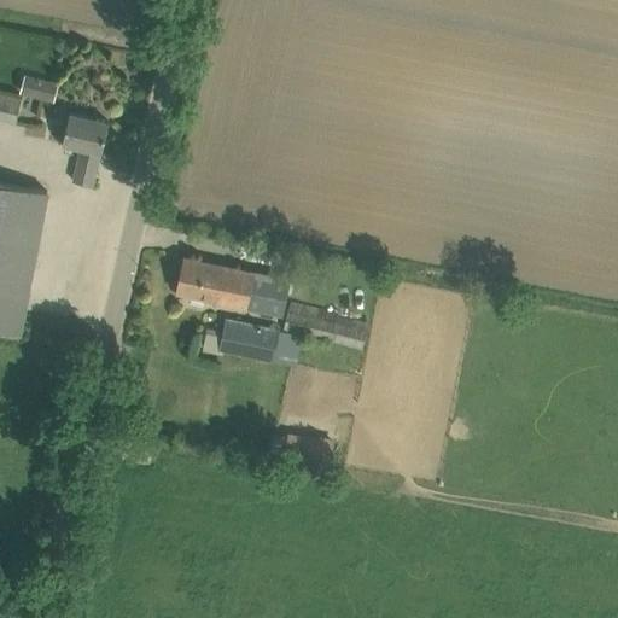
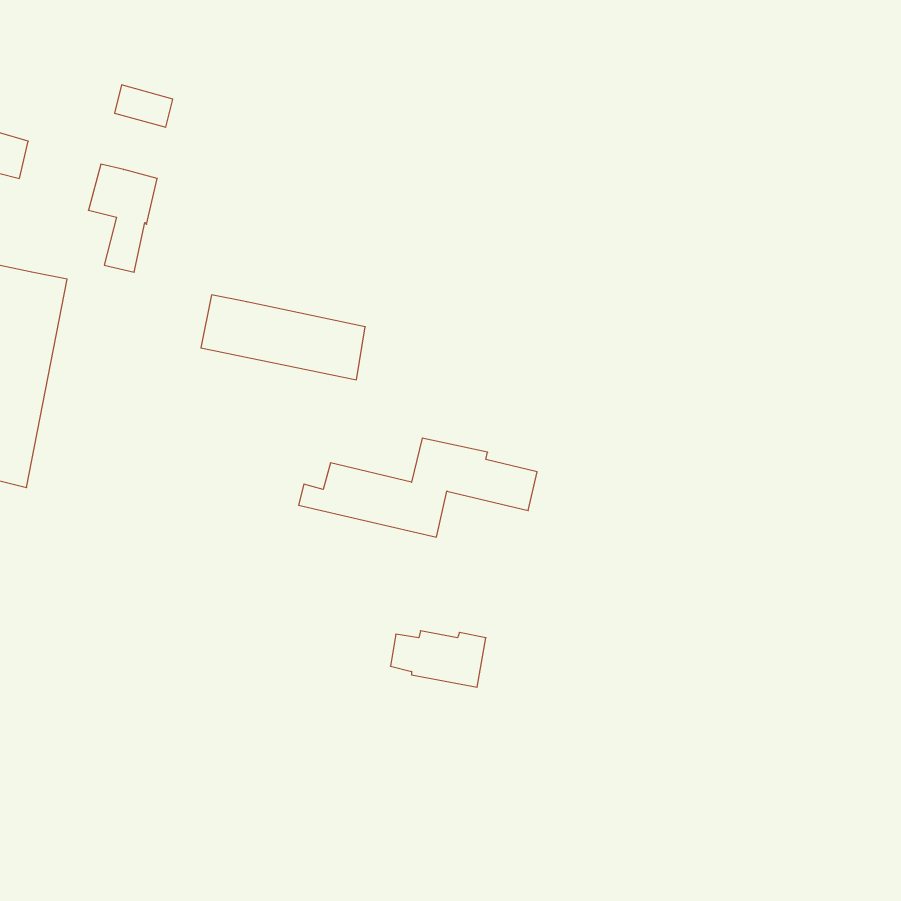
building: [18,75,58,104] -> [115,85,173,127]
building: [176,258,288,316] -> [201,295,365,380]

